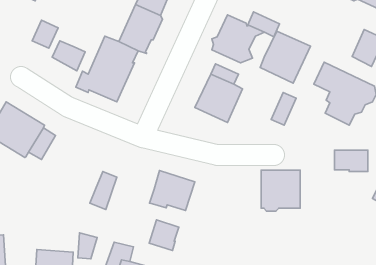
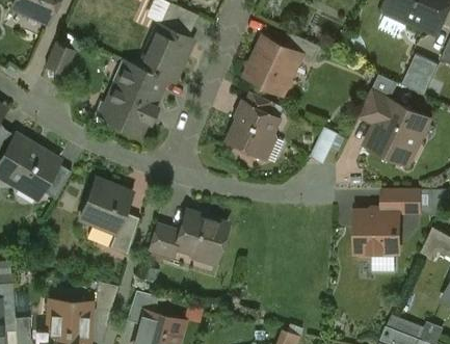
building: [260,31,310,83] -> none
building: [52,41,85,71] -> none
building: none -> [80,179,131,232]
building: [261,170,300,211] -> [355,210,399,256]
building: [149,220,179,251] -> [148,223,181,258]

